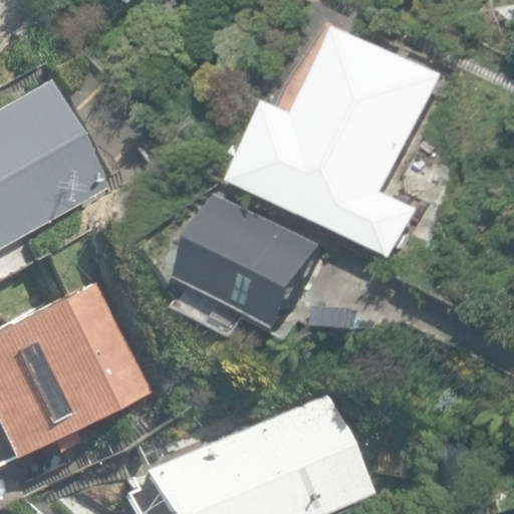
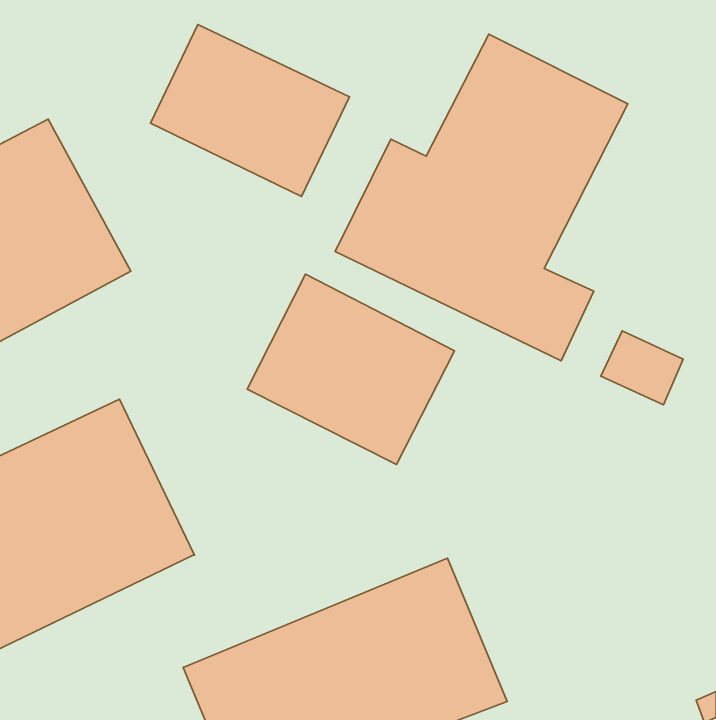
building: none -> [151,24,350,196]

